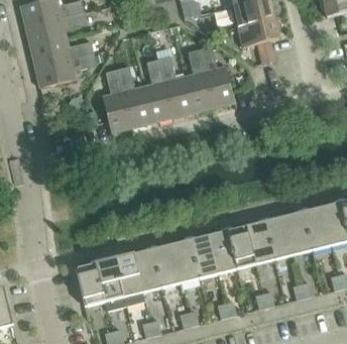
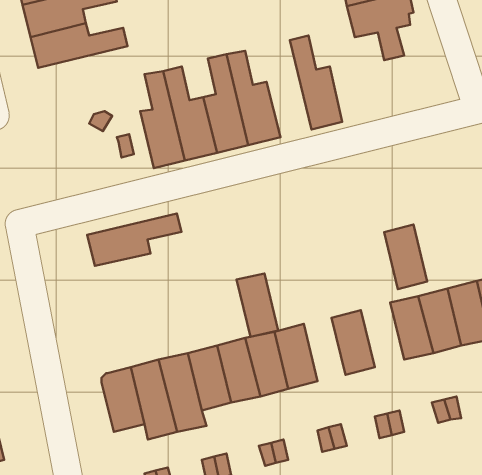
building: [185,48,214,112] -> none
building: [35,52,97,87] -> [87,213,181,266]
building: [246,220,274,262] -> [384,224,427,289]
building: [209,230,236,271] -> [237,273,278,337]

